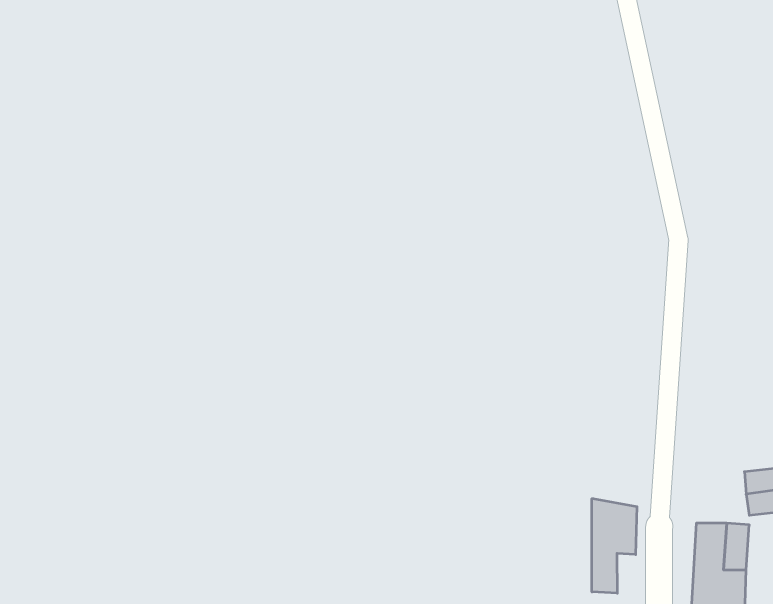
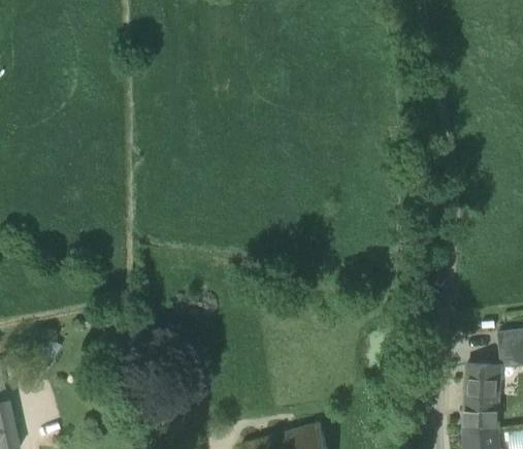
building: [592,499,637,593] -> none

